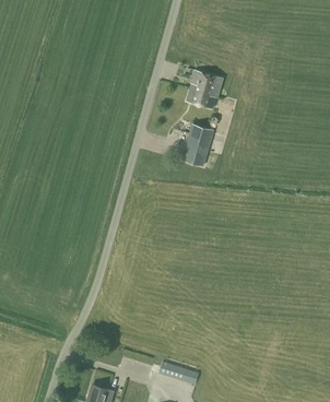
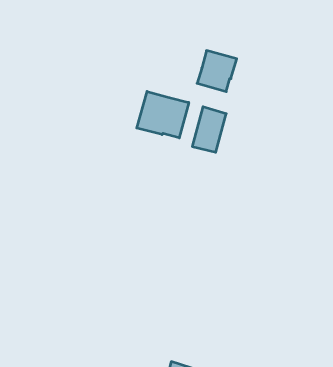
building: none -> [137,91,189,138]

